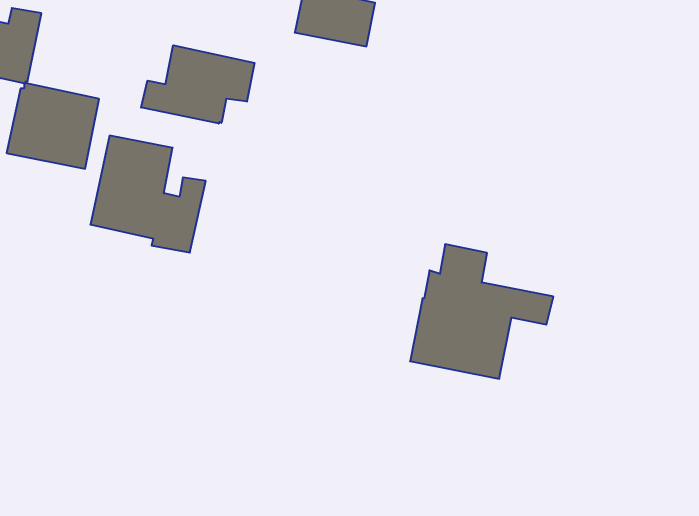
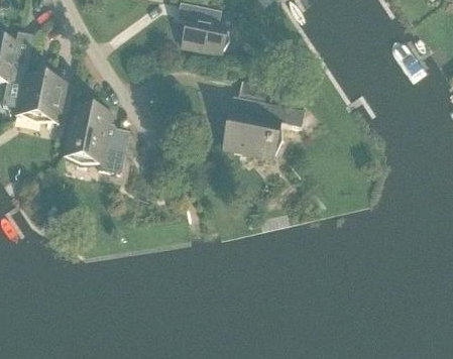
building: [141,45,255,124] -> none
building: [410,244,553,379] -> [223,80,306,157]

